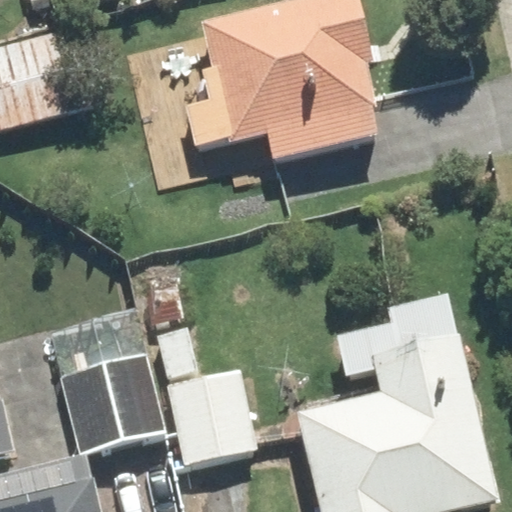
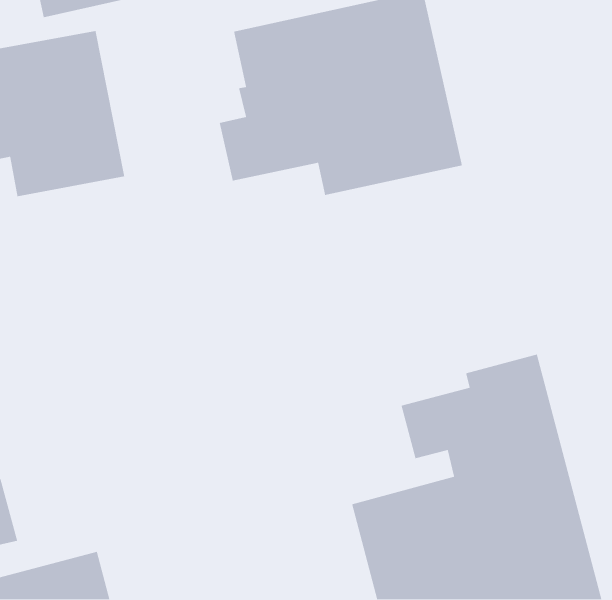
building: [41,306,169,455] -> none
building: [154,322,258,467] -> none

